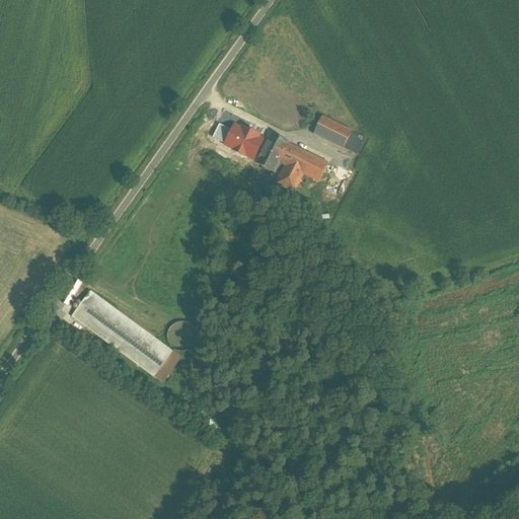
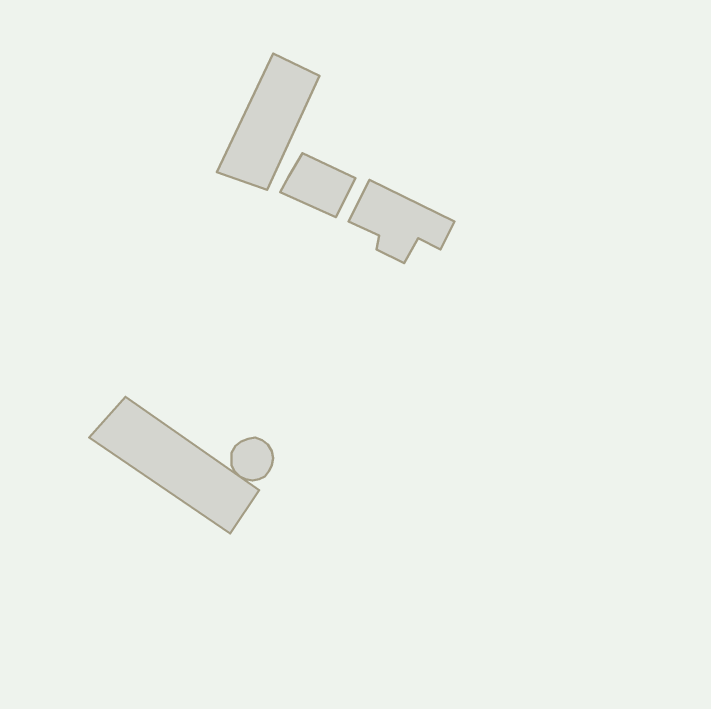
building: none -> [217,53,320,190]
building: [314,115,369,155] -> none

